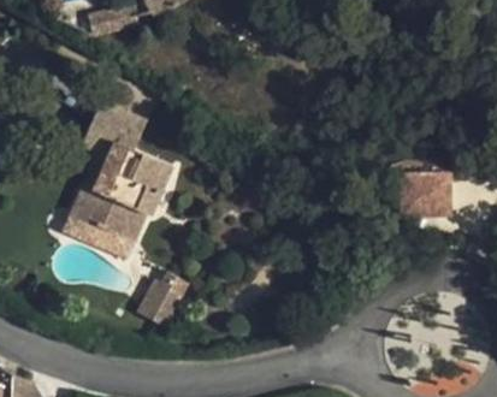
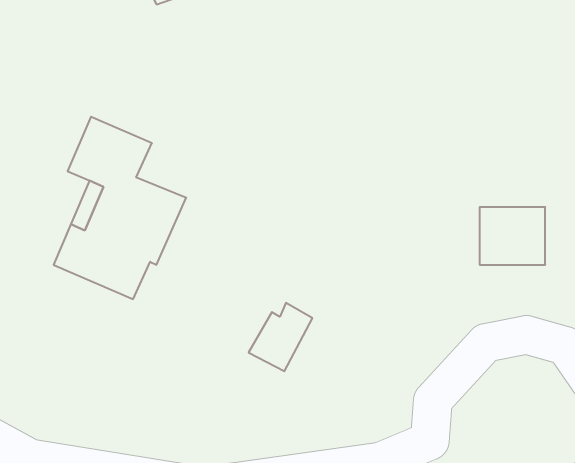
building: [136,273,185,326] -> [249,303,312,371]

